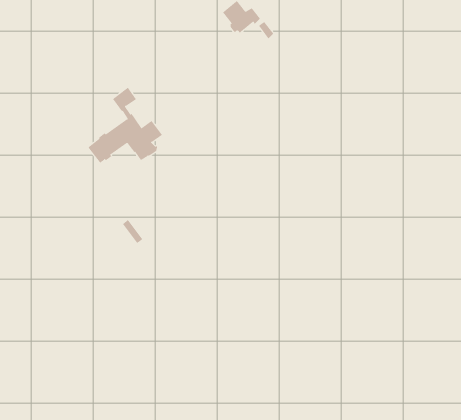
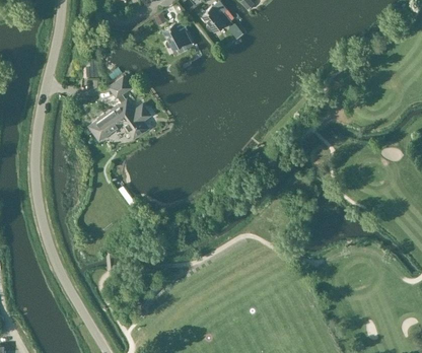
building: none -> [163,22,194,50]

